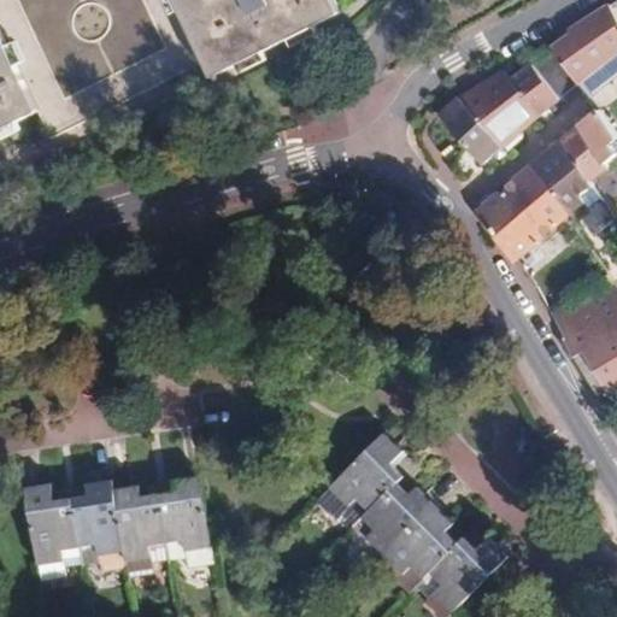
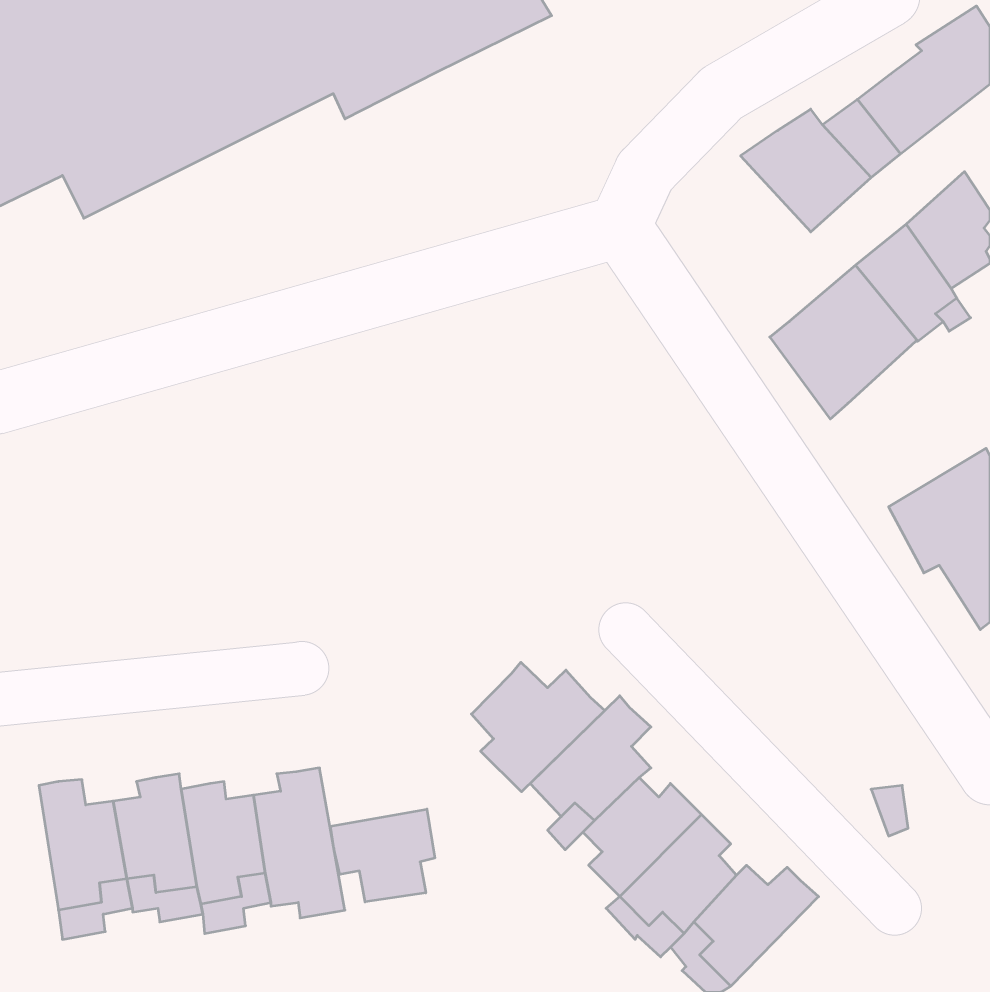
building: [437,96,501,163] -> none
building: none -> [471,662,605,792]
building: none -> [331,809,435,902]

